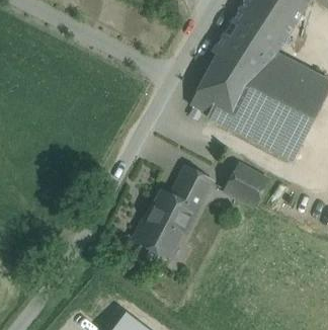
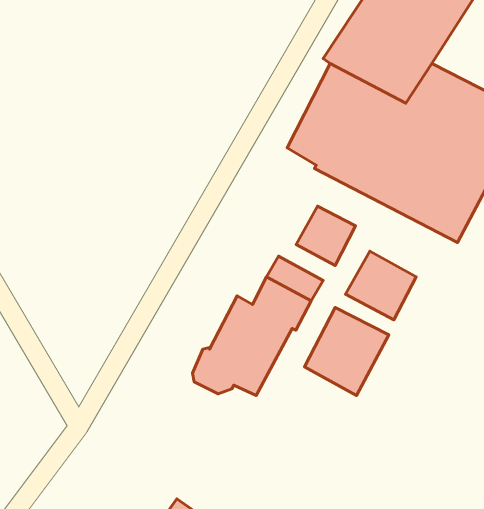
building: none -> [296,206,355,265]
building: none -> [305,307,389,395]

